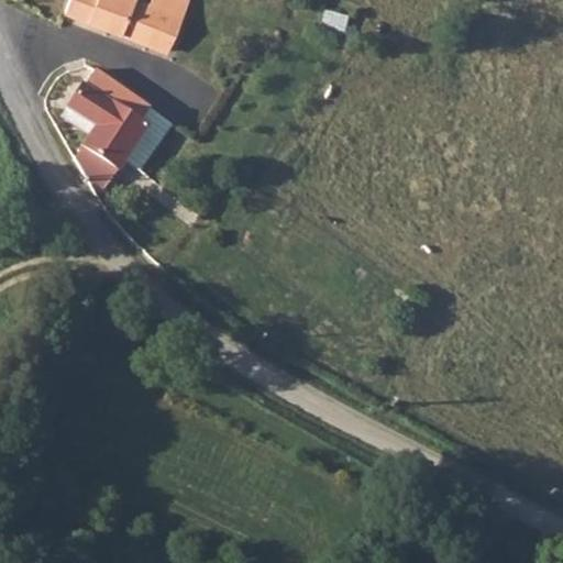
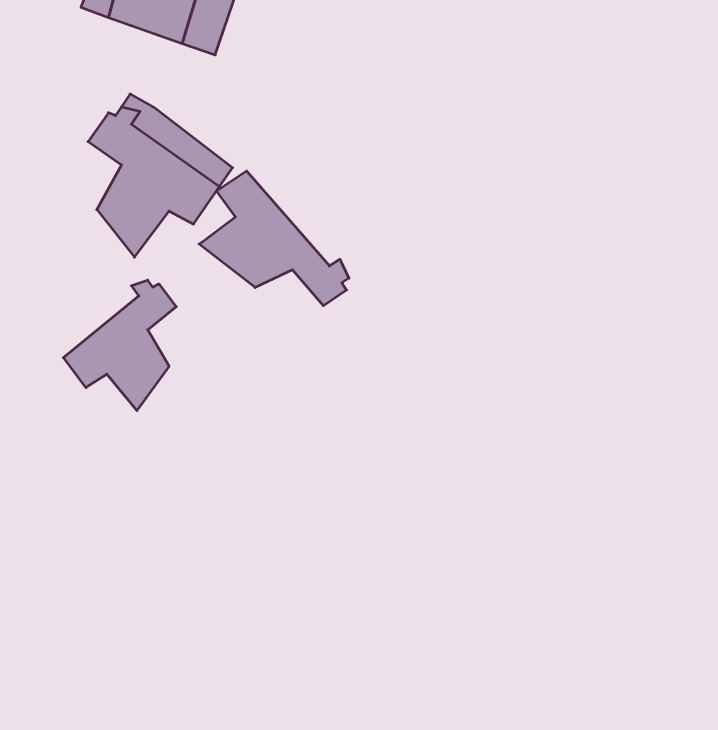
building: none -> [199,171,349,306]
building: none -> [63,280,176,411]

